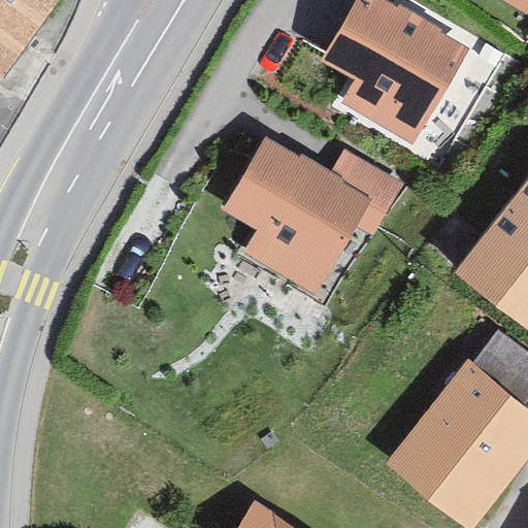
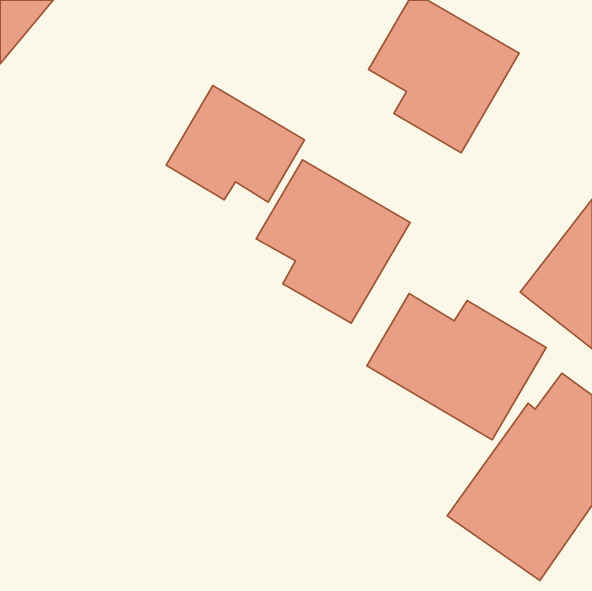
building: none -> [166,86,305,202]
building: none -> [367,294,546,440]

